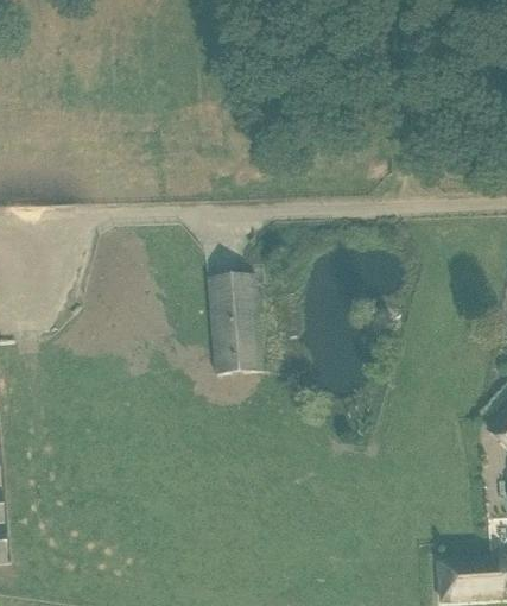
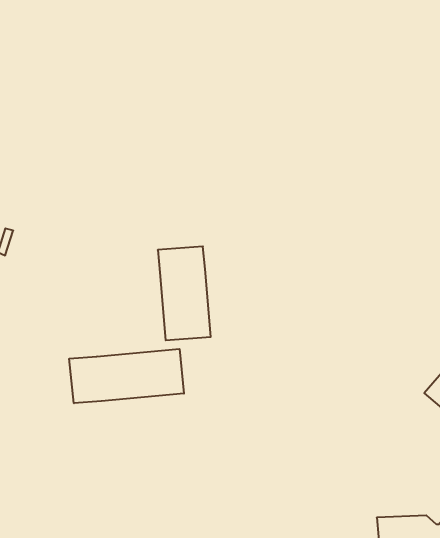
building: none -> [69,349,184,403]

